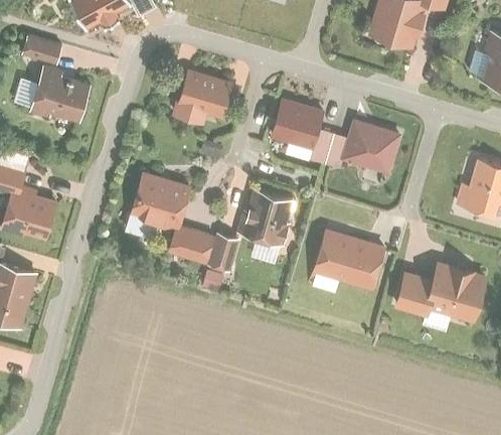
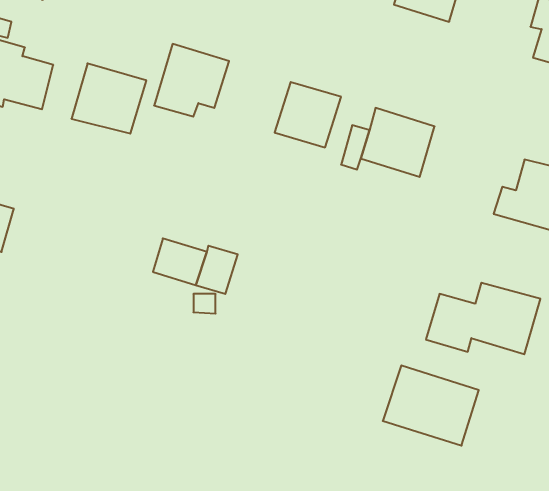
building: [310,129,334,165] -> none
building: [131,168,192,226] -> [71,63,146,134]
building: [234,188,292,248] -> none
building: [310,227,388,292] -> [383,365,479,446]

